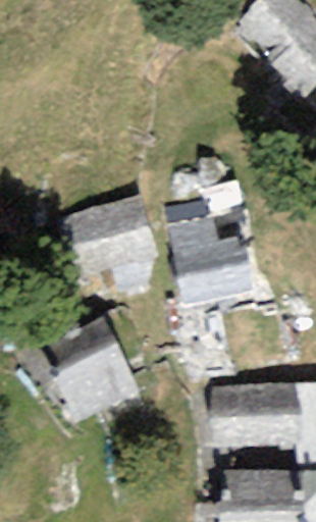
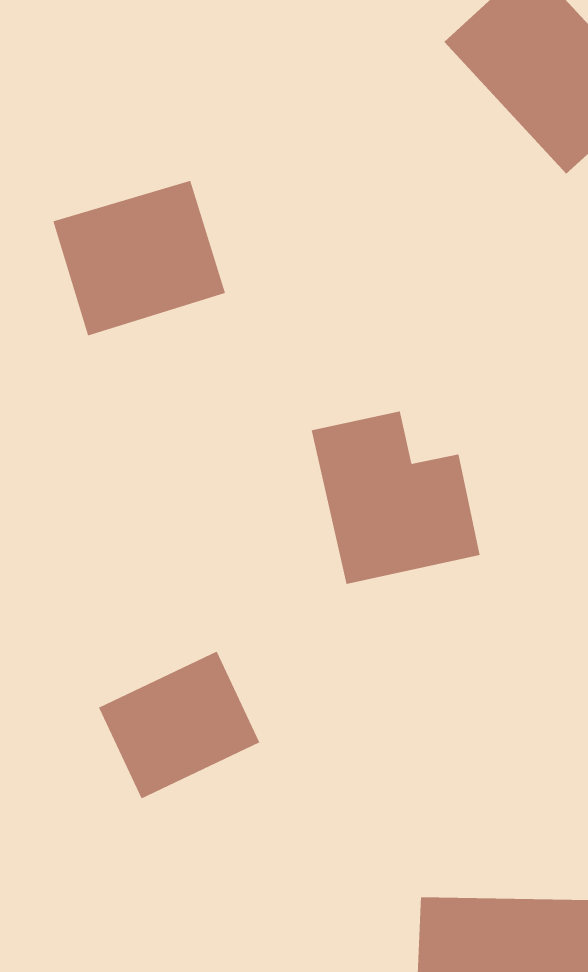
building: [64,197,155,278] -> [52,180,226,336]
building: [210,383,299,447] -> none

